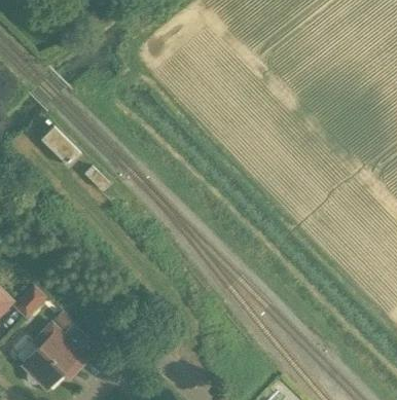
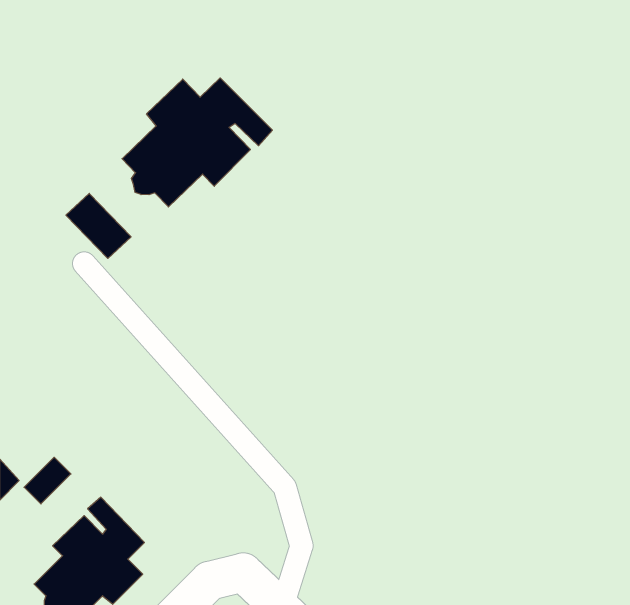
building: none -> [122,78,272,207]

